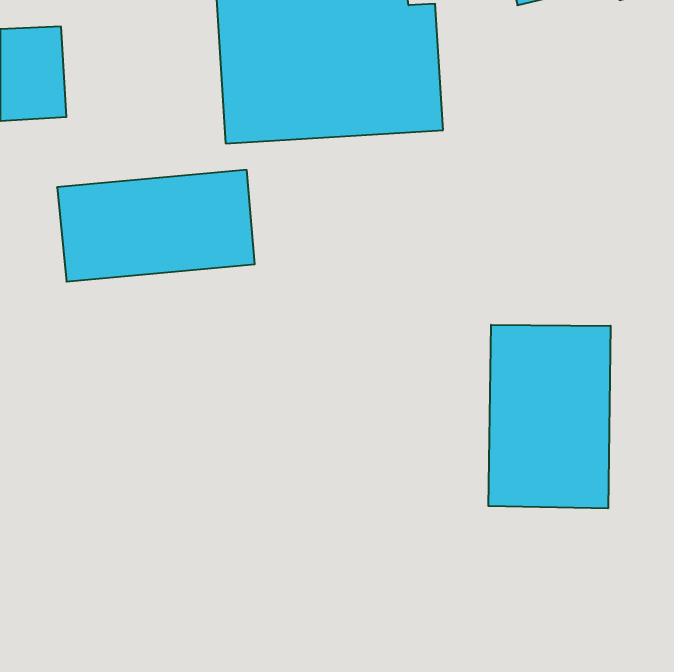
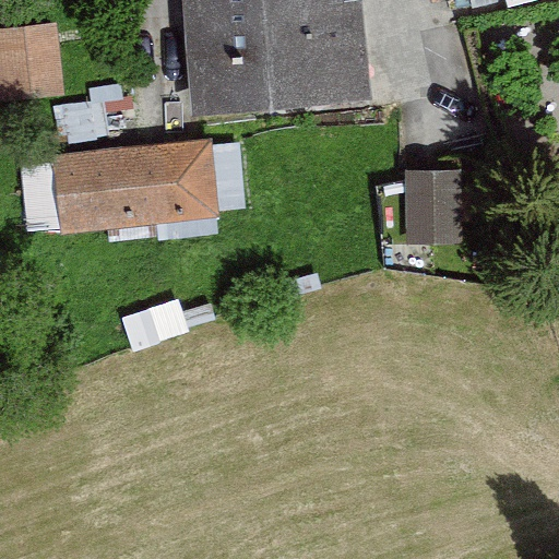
building: none -> [409,156,471,236]
building: [488,325,611,508] -> none

